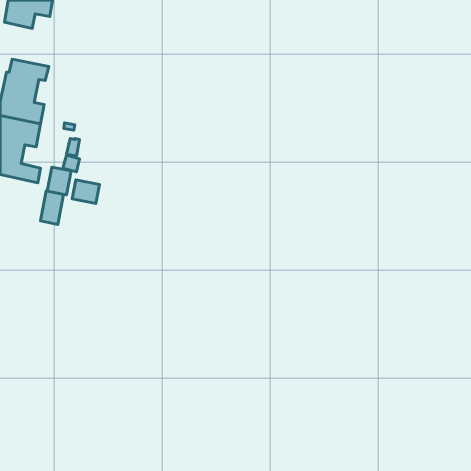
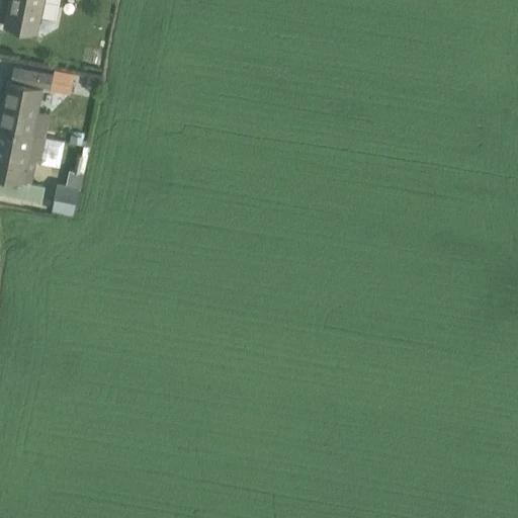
building: [72,180,100,203] -> none
building: [40,191,63,224] -> none

